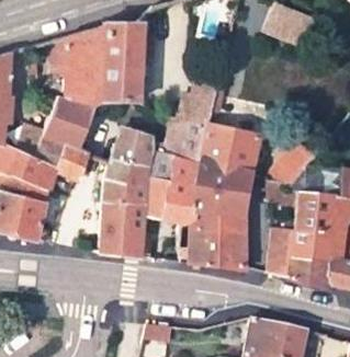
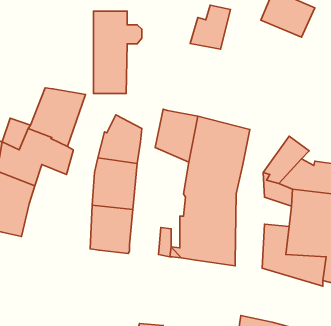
building: [59,26,105,102] -> none
building: [178,81,217,124] -> [190,5,231,49]
building: [144,149,199,222] -> none

